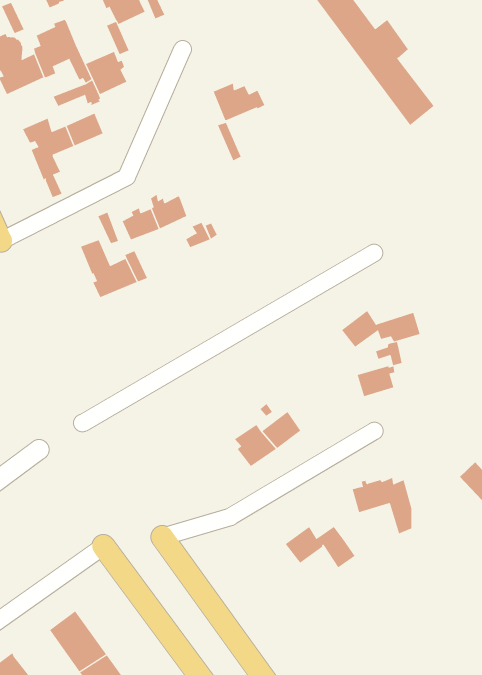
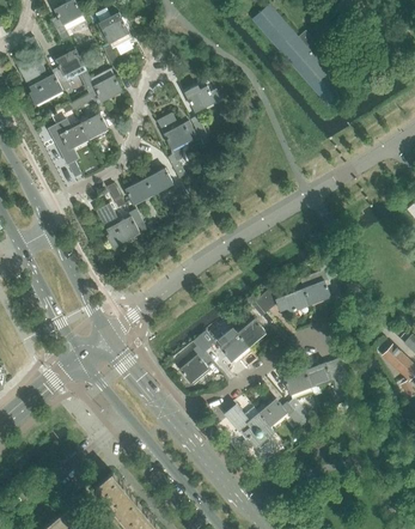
building: none -> [157,114,195,180]
building: [341,310,421,348] -> [250,288,307,317]
building: none -> [175,332,214,382]
building: none -> [283,369,312,407]
building: none -> [222,405,274,449]

